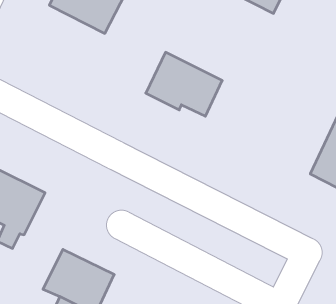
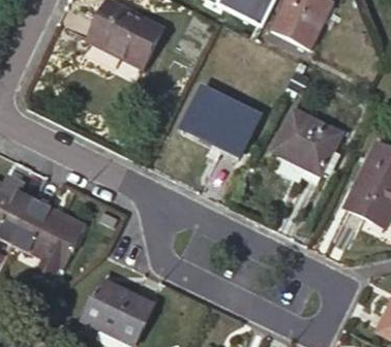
building: none -> [272,108,341,182]

